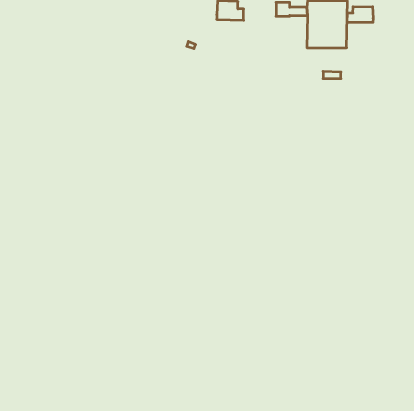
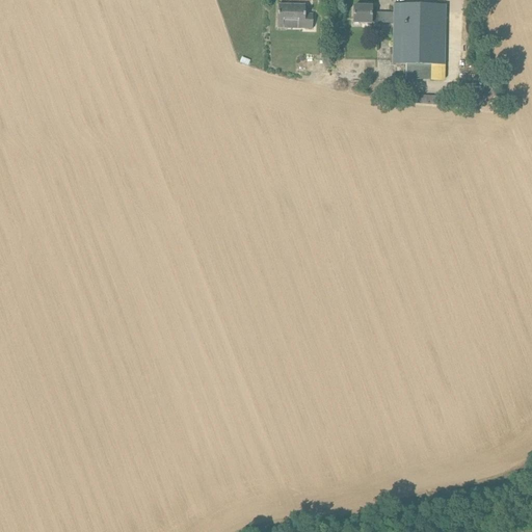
building: [347,7,373,22] -> none

